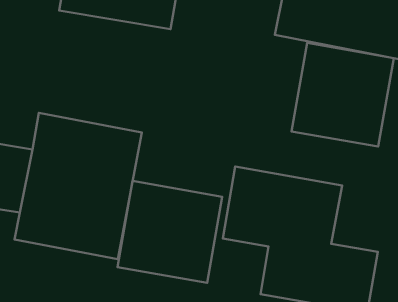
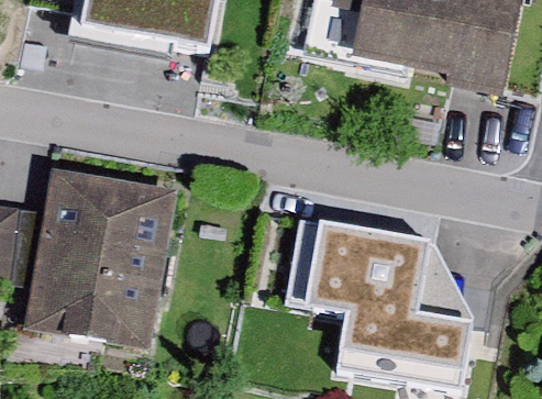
building: [292,43,394,147] -> none
building: [117,181,222,283] -> none

